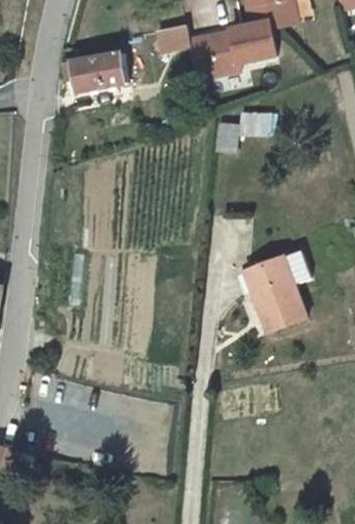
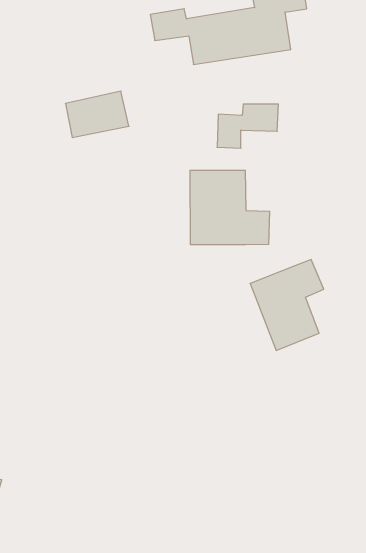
building: [68,50,125,92] -> [65,91,129,138]
building: none -> [190,170,269,245]

